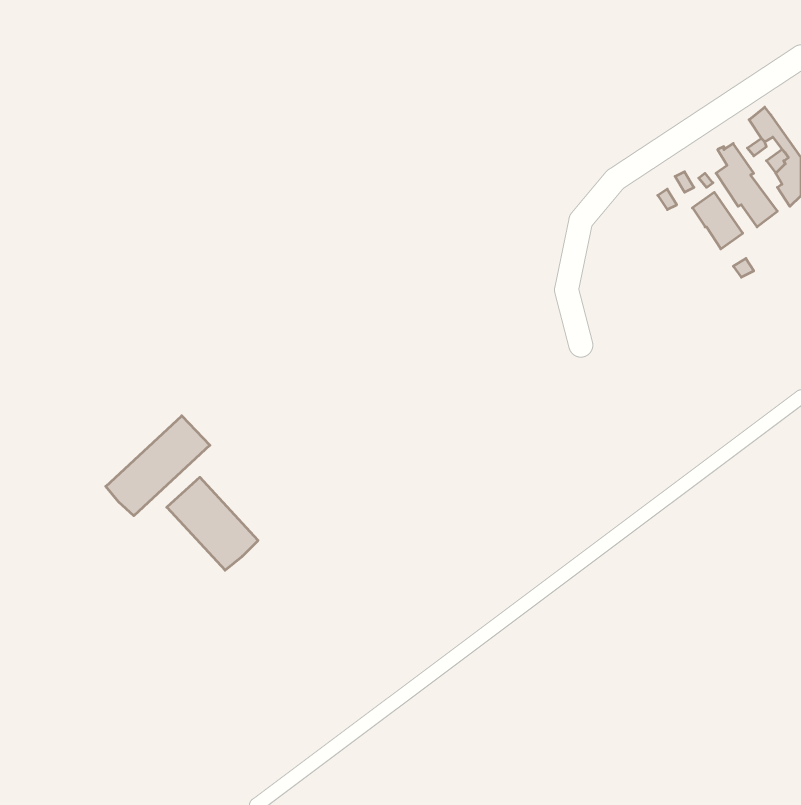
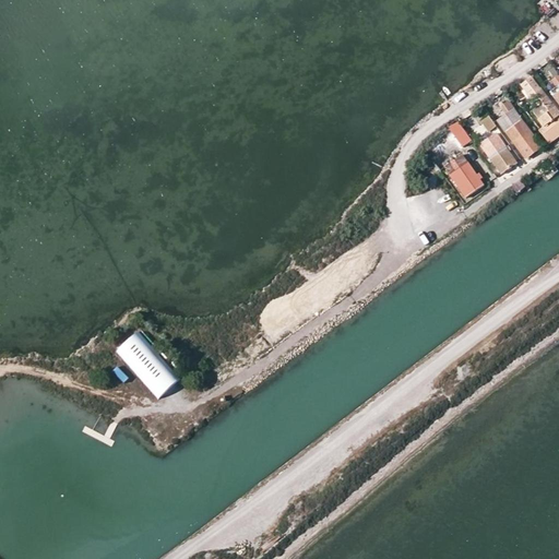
building: none -> [443,154,483,197]
building: [106,416,210,516] -> none

